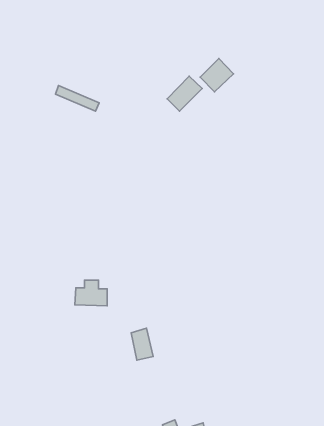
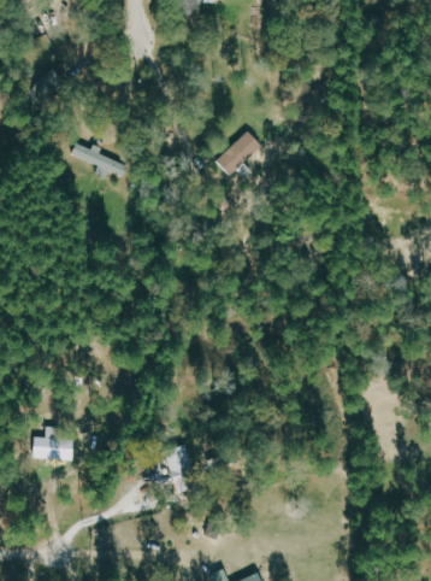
building: [200,58,233,92] -> none
building: [75,280,107,306] -> [34,427,75,459]

